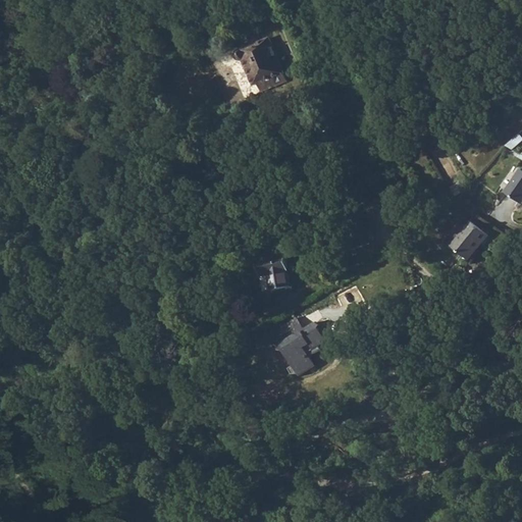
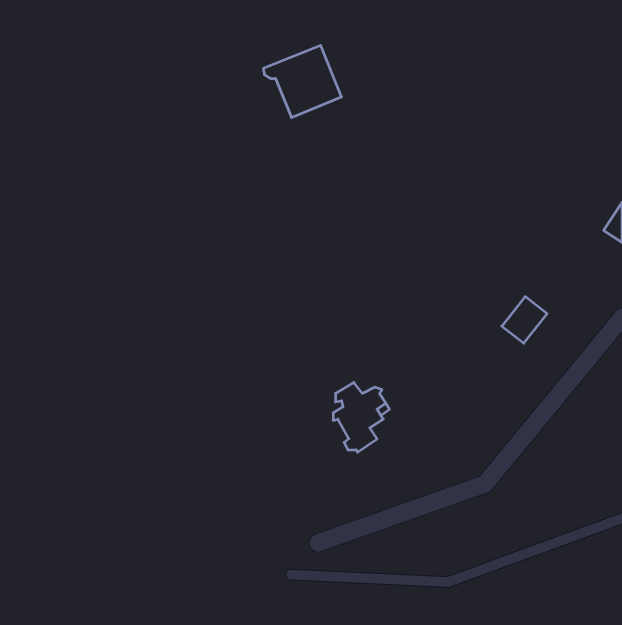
building: [449,220,486,259] -> [502,297,547,343]
building: [256,255,289,291] -> none

